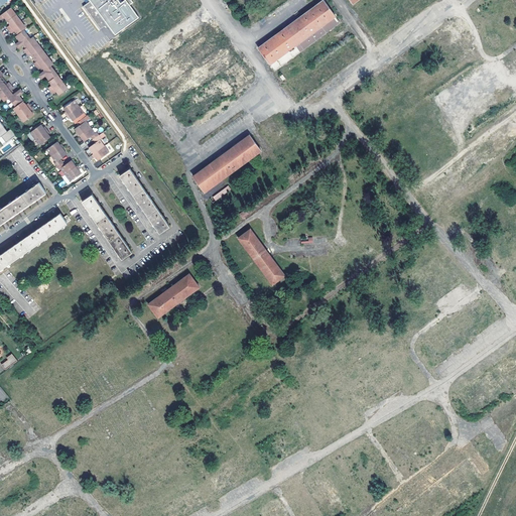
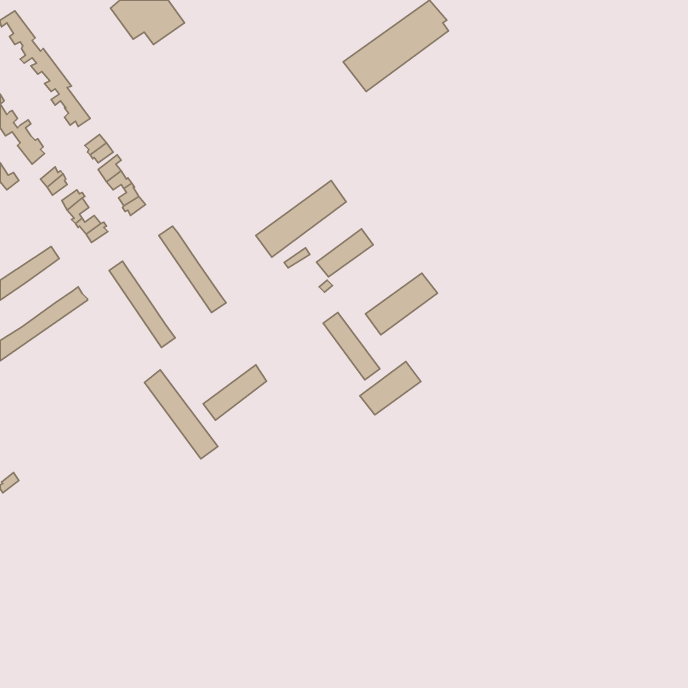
building: none -> [316,229,373,277]
building: none -> [366,273,437,335]
building: none -> [360,361,421,415]
building: none -> [144,370,218,459]

